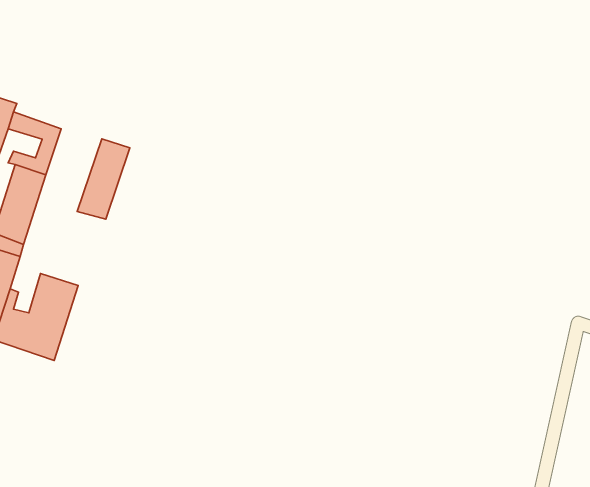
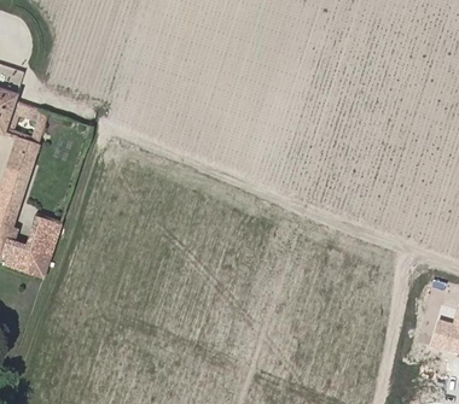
building: [77,139,130,219] -> none

